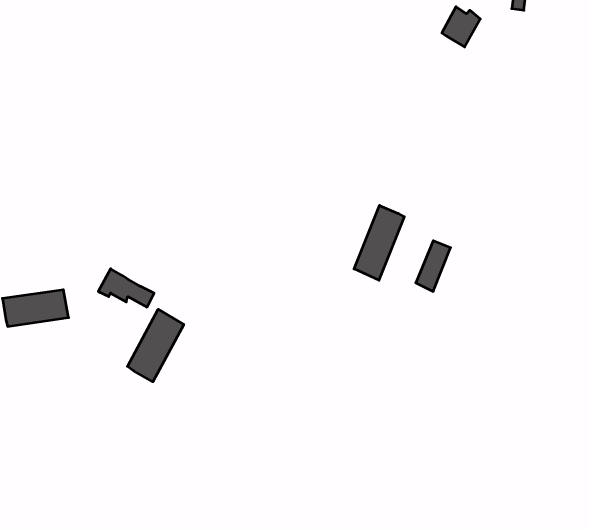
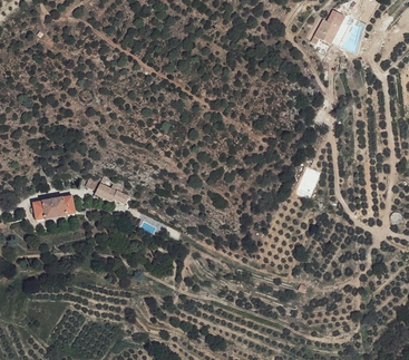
building: [354,205,404,280] -> none
building: [127,309,184,382] -> none

